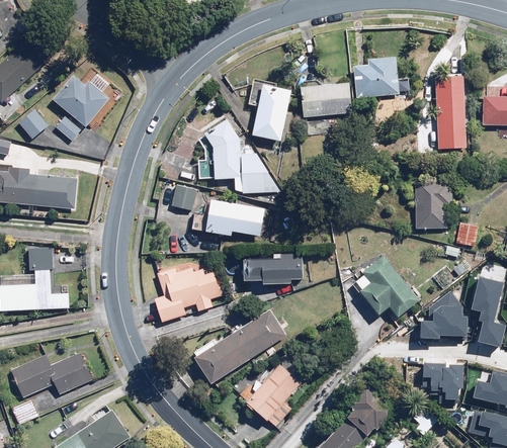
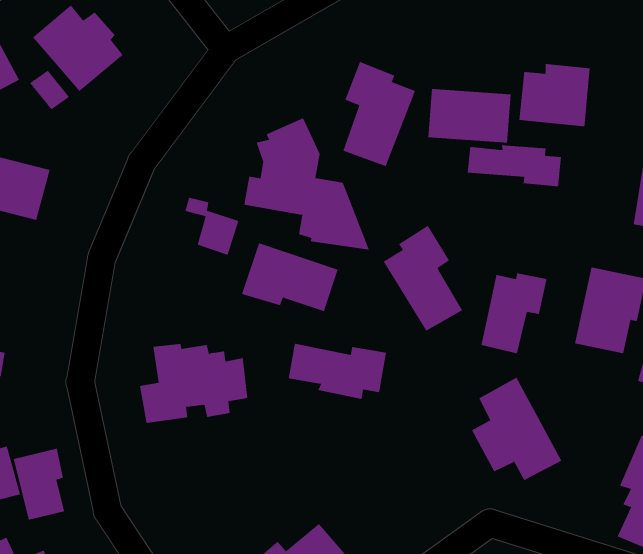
building: none -> [467,144,562,187]
building: none -> [383,225,463,332]
building: none -> [481,272,547,354]
building: [403,291,453,340] -> none
building: [193,308,287,384] -> none
building: none -> [13,448,65,521]

